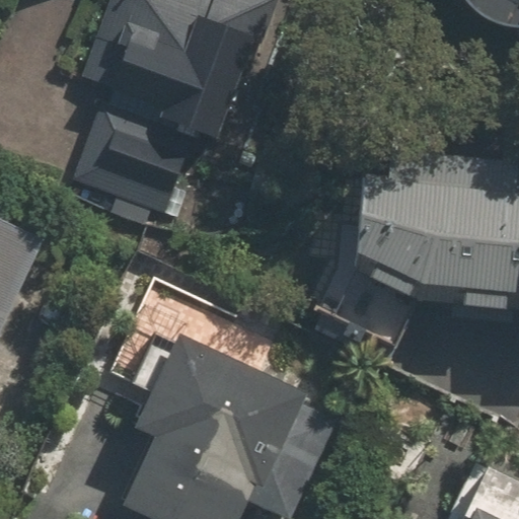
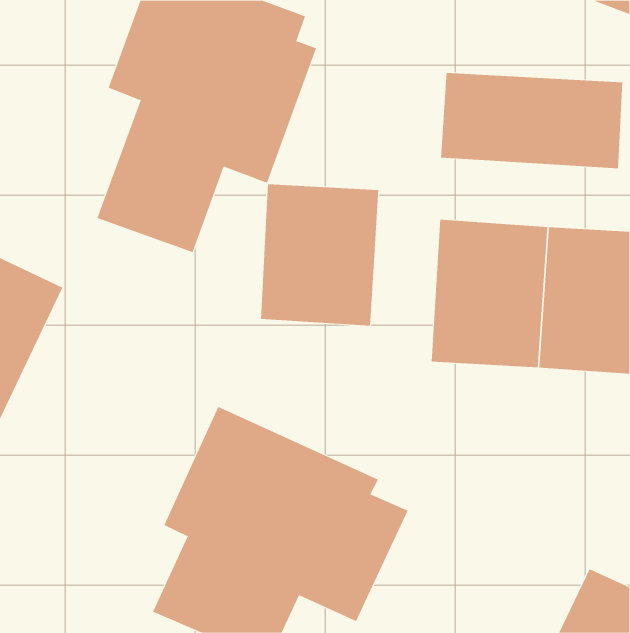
building: none -> [440,72,623,169]
building: none -> [260,183,379,327]

